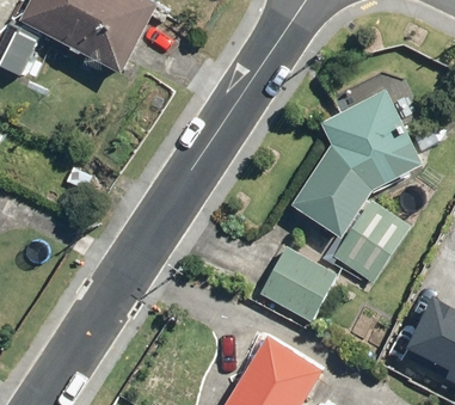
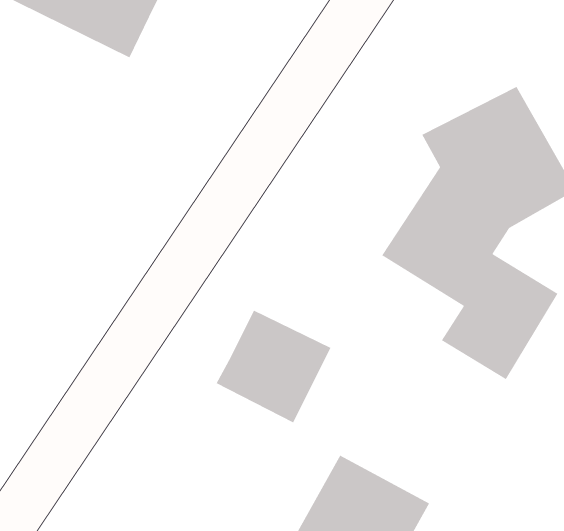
building: [257,247,333,323] -> [216,309,331,423]

